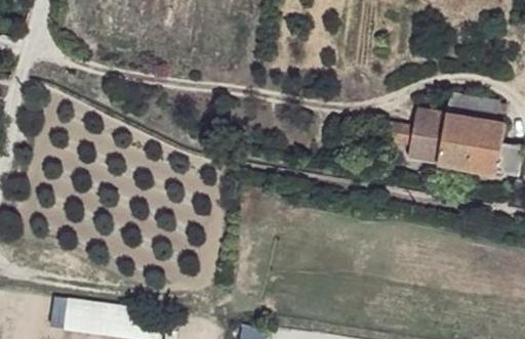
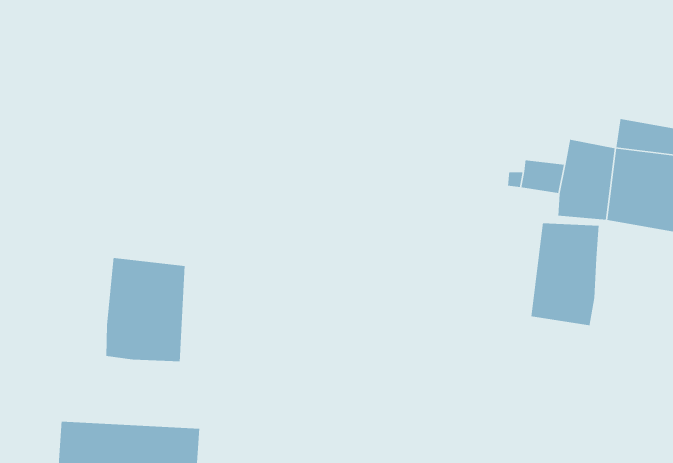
building: none -> [531,223,599,326]
building: none -> [106,257,186,362]

